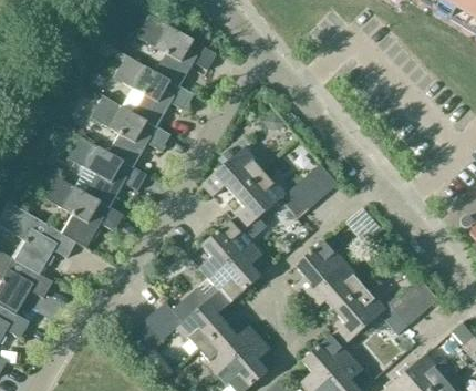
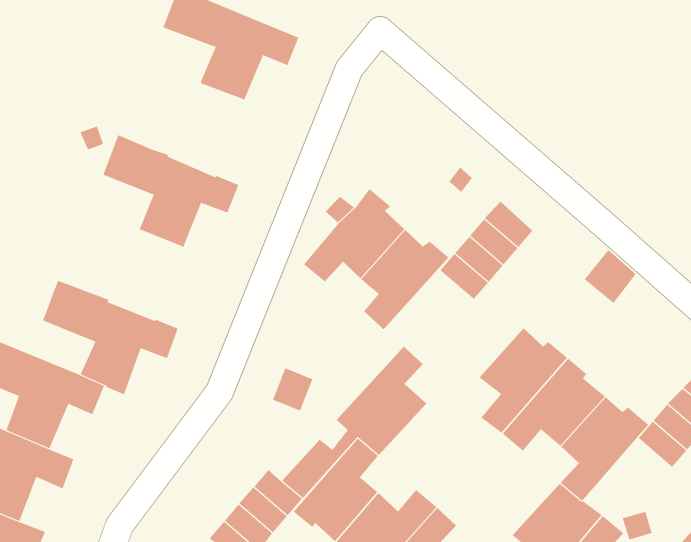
building: [114,49,194,127] -> none
building: [68,135,148,206] -> none
building: [198,217,253,278] -> none

